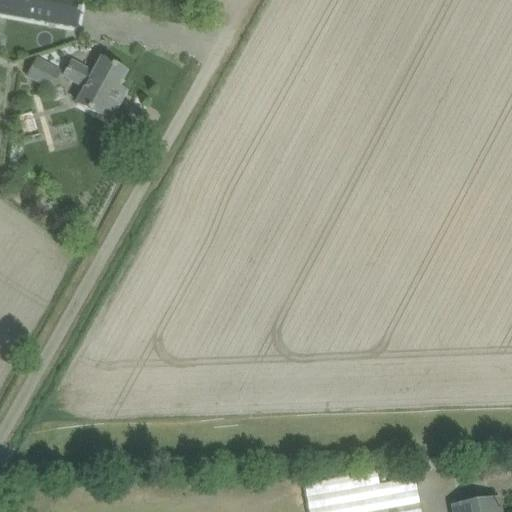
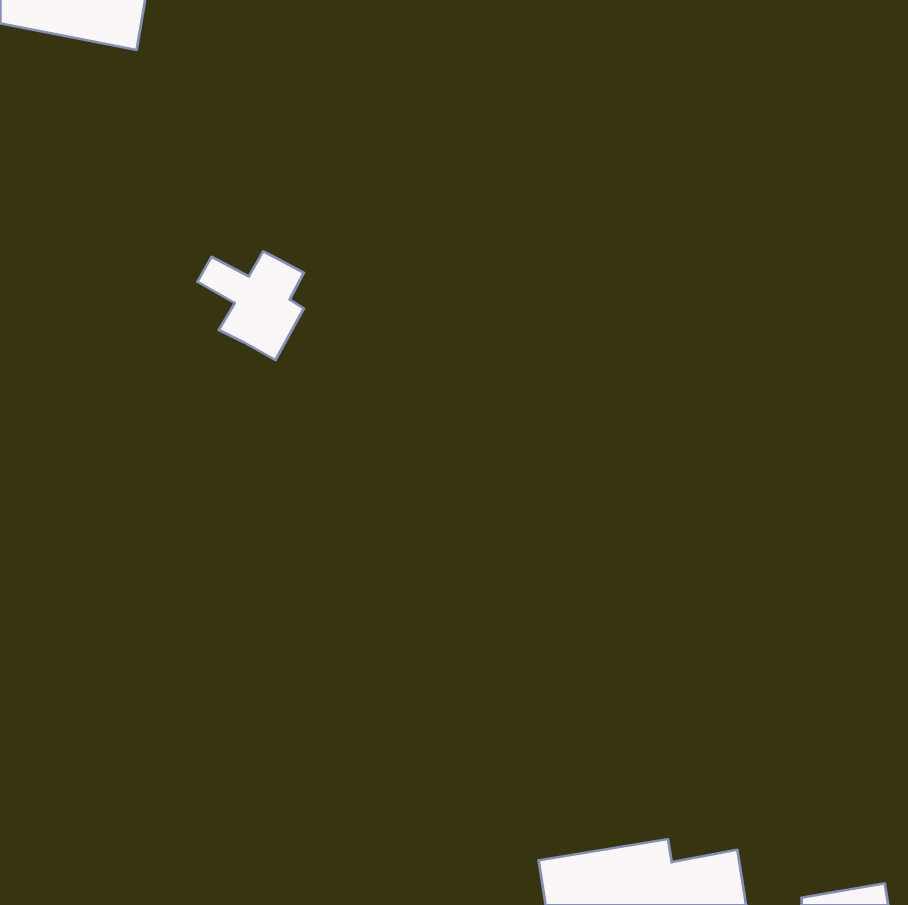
building: [26,57,62,90] -> none
building: [65,59,125,120] -> [197,252,304,360]

